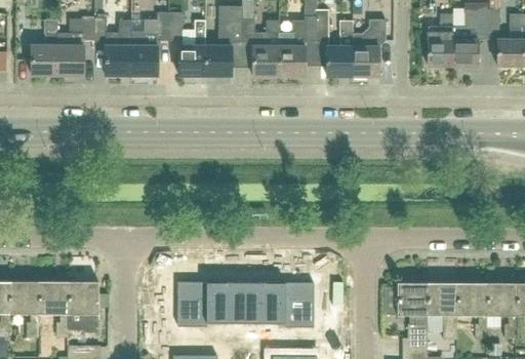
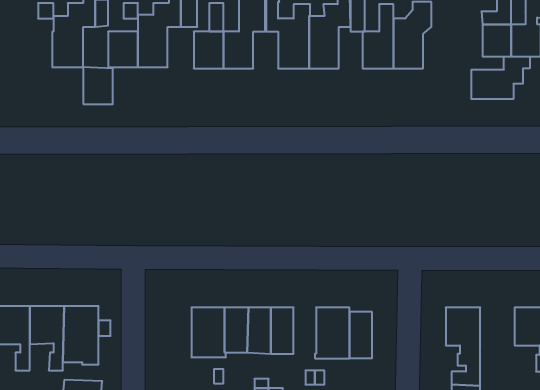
building: [32,43,57,75] -> [83,67,113,104]
building: none -> [471,57,530,99]
building: [266,282,285,322] -> [349,312,372,358]
building: [427,282,456,337] -> none

